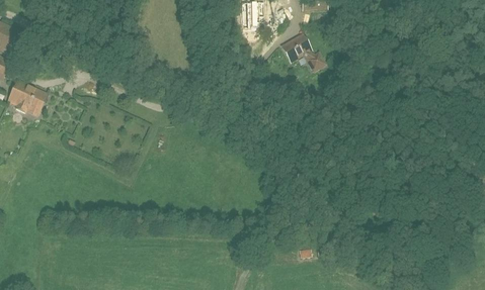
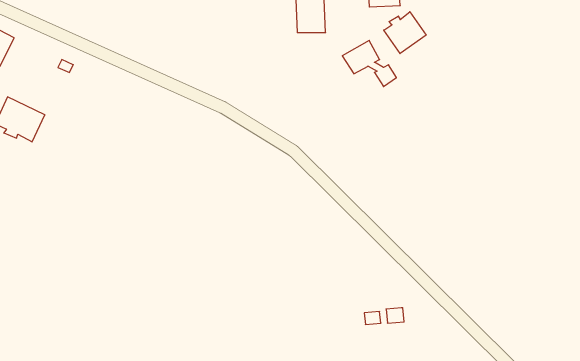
building: none -> [384,12,426,54]

